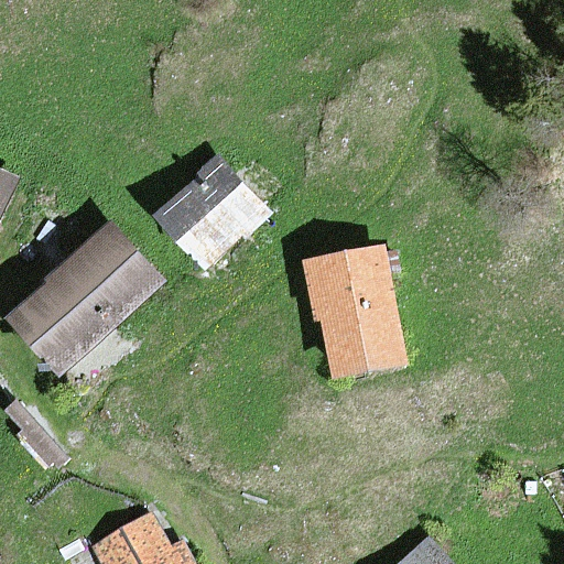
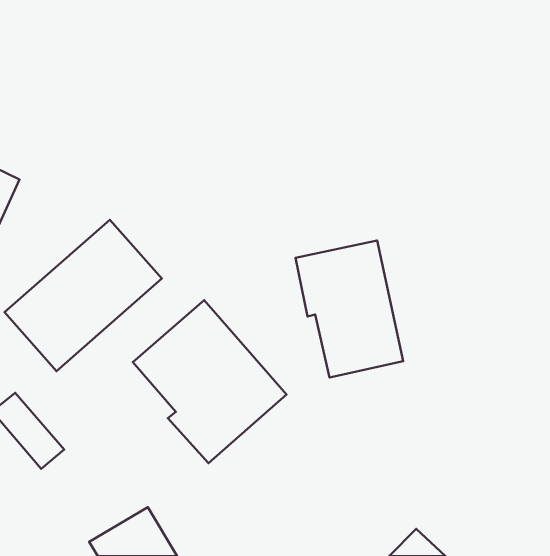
building: [152,154,271,273] -> none
building: none -> [133,300,287,463]

